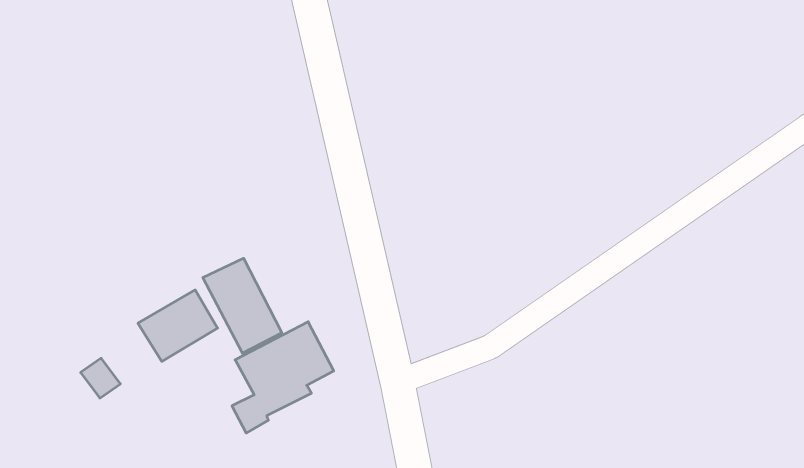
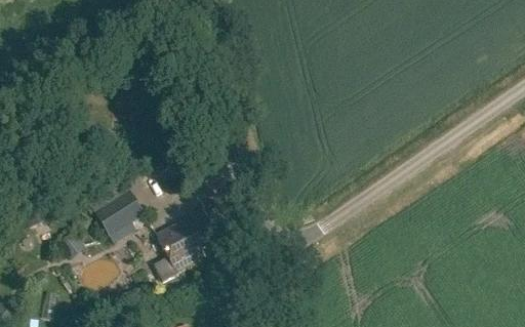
building: [203,258,282,353] -> none

